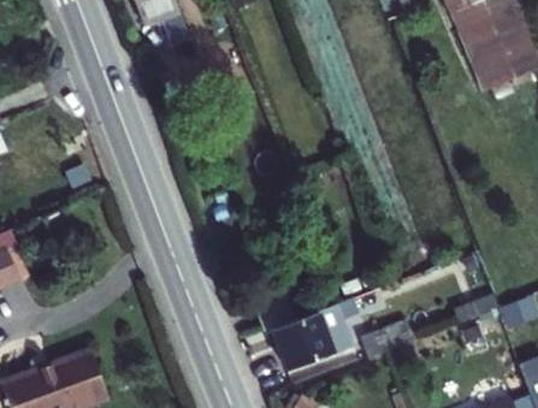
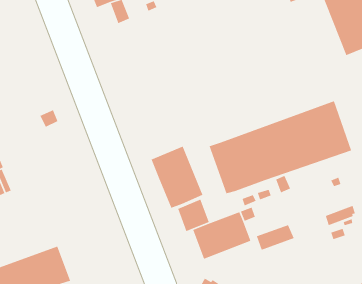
building: none -> [209,100,352,194]
building: none -> [151,145,204,209]

